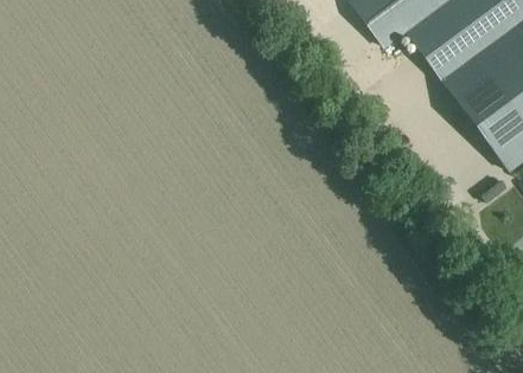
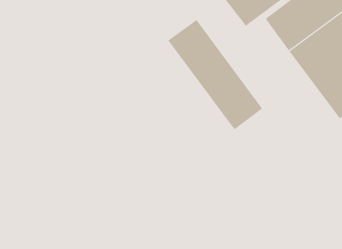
building: none -> [168,19,263,130]

